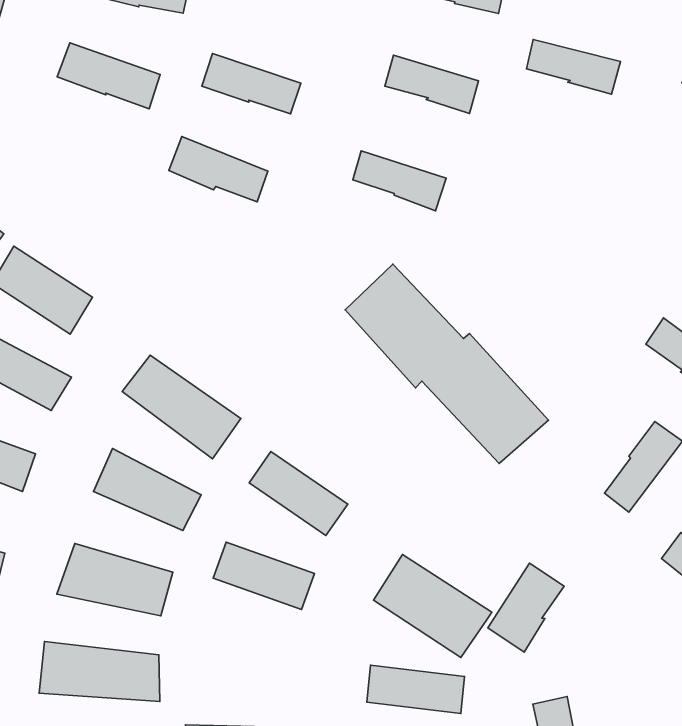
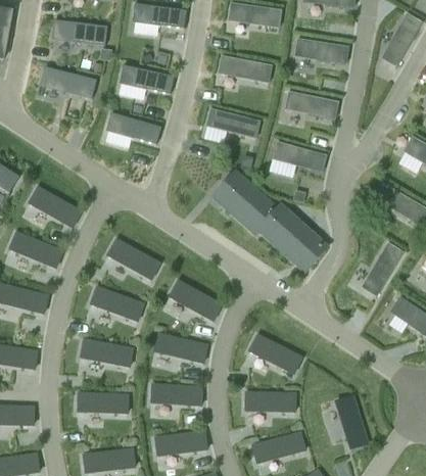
building: none -> [286,91,337,118]
building: none -> [274,142,326,173]
building: [488,563,564,652] -> none
building: none -> [143,382,201,409]

